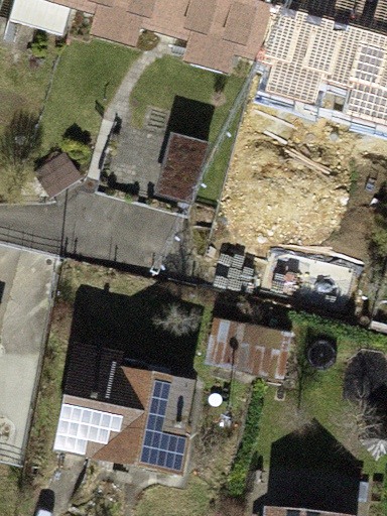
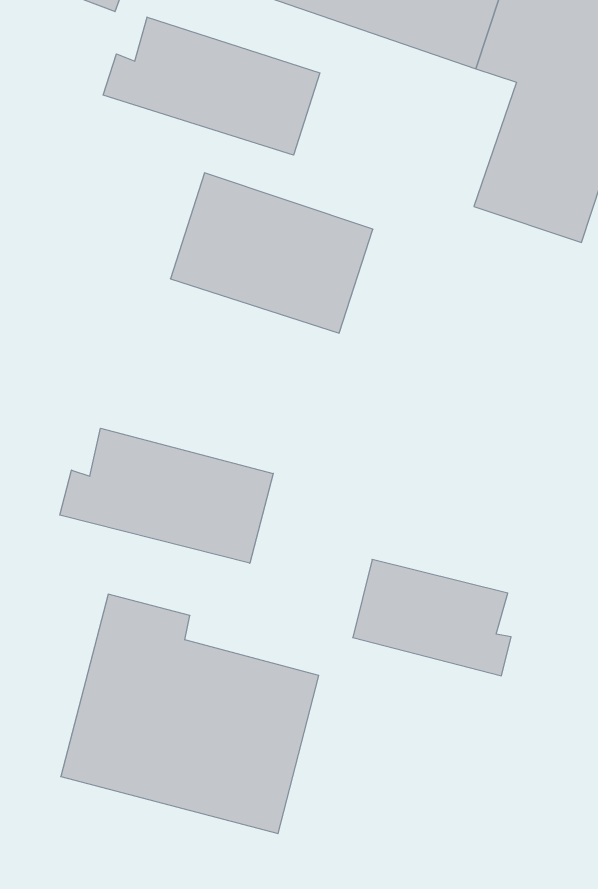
building: none -> [103,17,320,155]
building: none -> [60,428,273,563]

